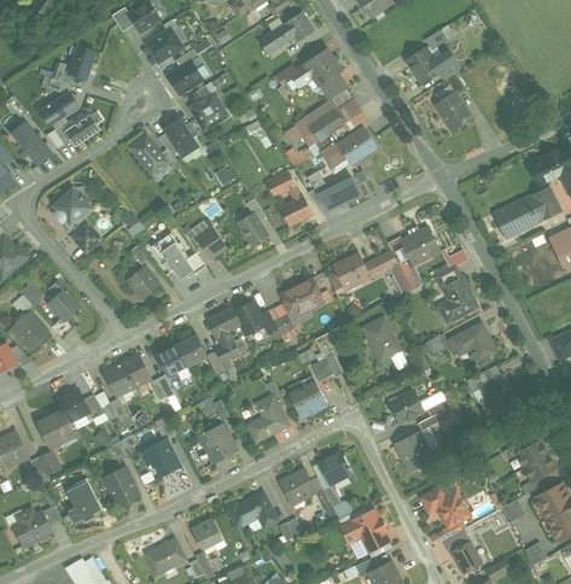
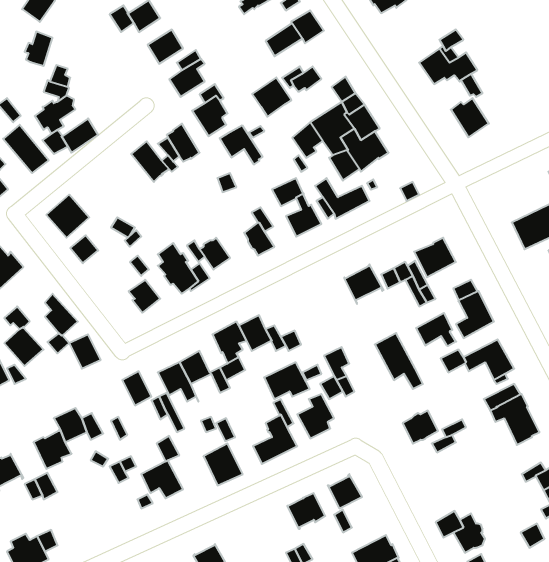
building: [66,46,93,78] -> [25,32,53,66]
building: [303,48,340,86] -> [252,77,291,117]
building: none -> [220,125,262,165]
building: [280,278,324,313] -> [264,362,310,399]
building: none -> [416,313,456,346]
building: [104,362,134,395] -> [69,334,101,369]
building: [394,432,431,472] -> none
building: [104,467,138,506] -> none
building: [66,480,100,522] -> none
building: [225,492,276,527] -> none

